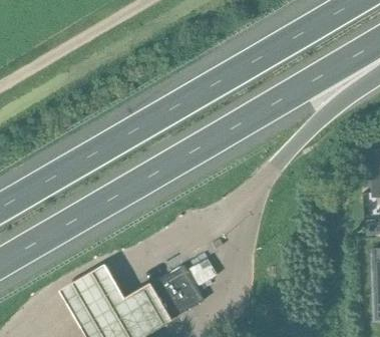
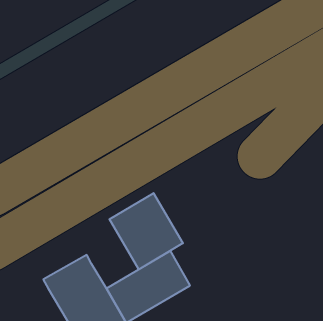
building: none -> [109,193,183,269]

